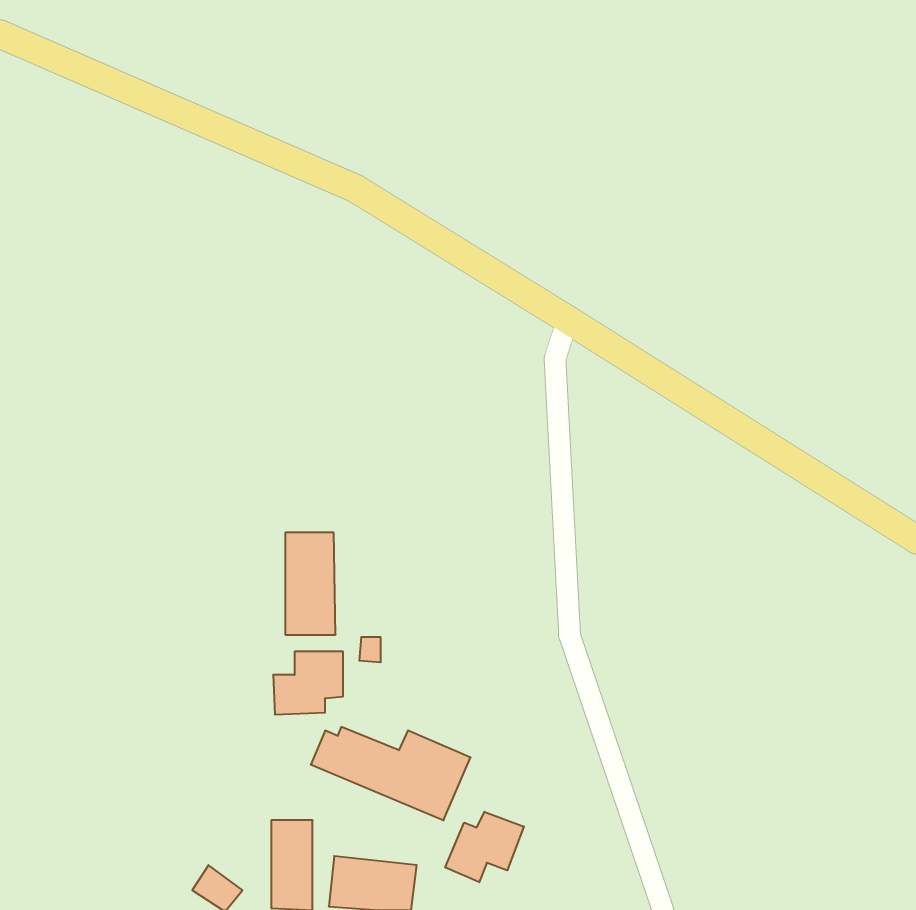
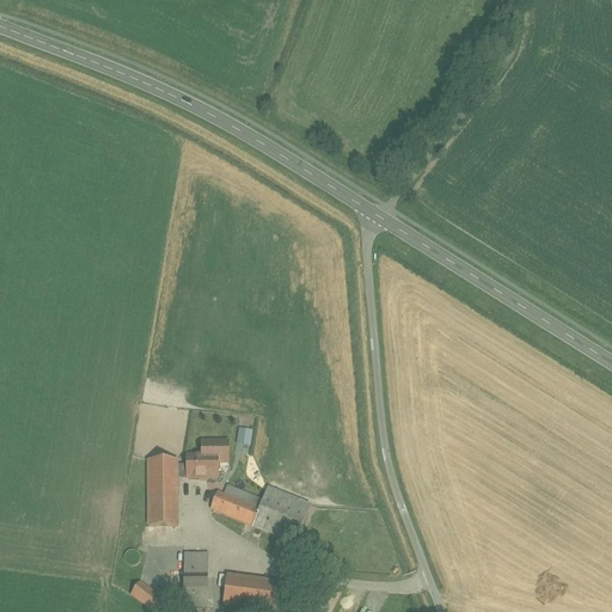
building: [285,533,336,635] -> [146,458,179,526]
building: [445,812,524,882] -> none

